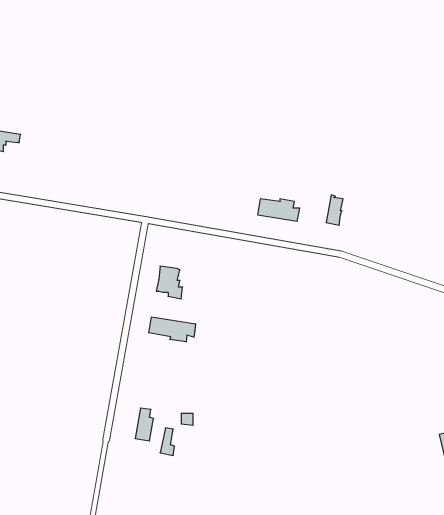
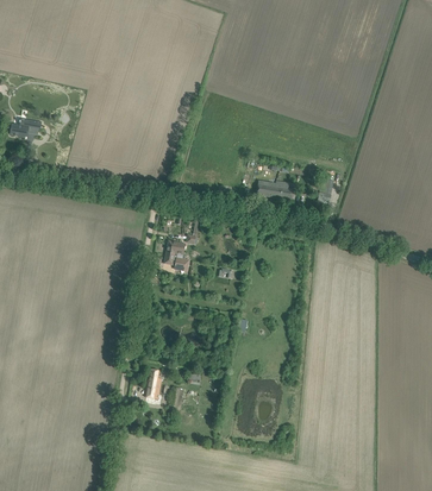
building: [149,317,196,342] -> none

